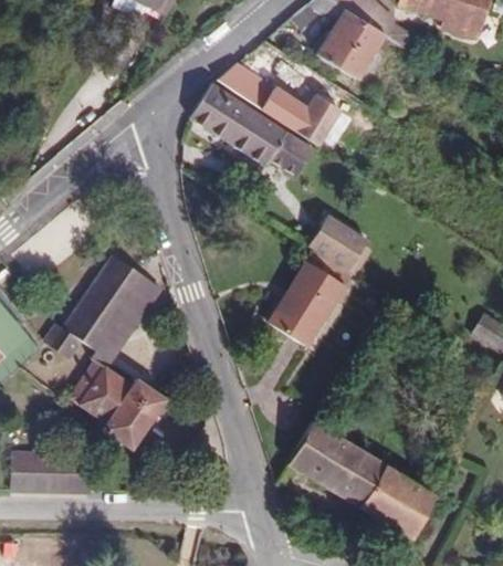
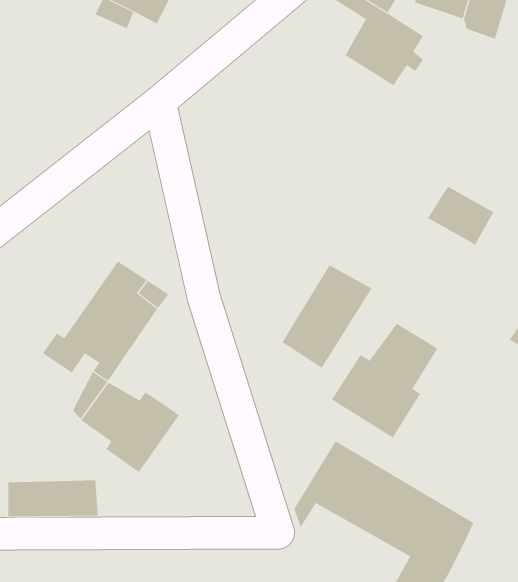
building: [219,67,350,151] -> none
building: [193,92,316,181] -> none
building: [311,222,373,277] -> [427,186,494,246]
building: none -> [331,323,438,438]

